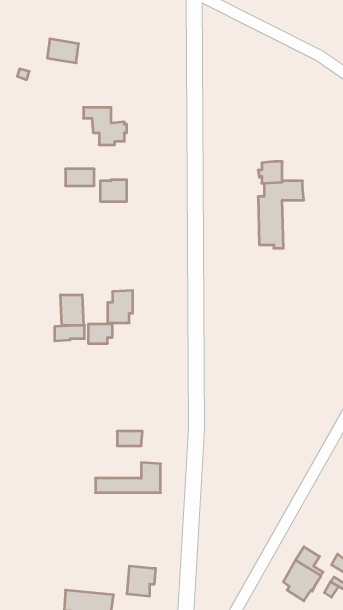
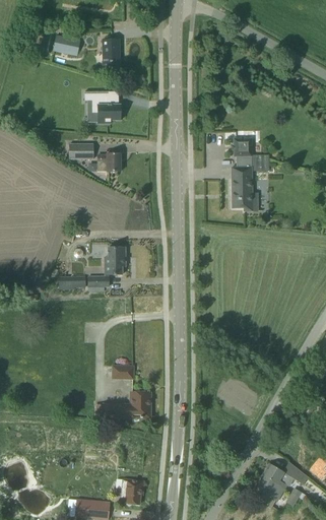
building: none -> [104,39,120,69]
building: [61,295,83,325] -> none

